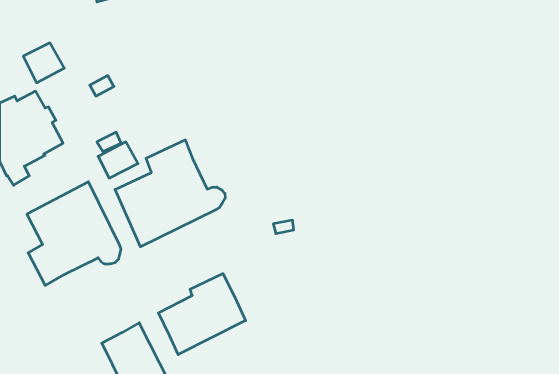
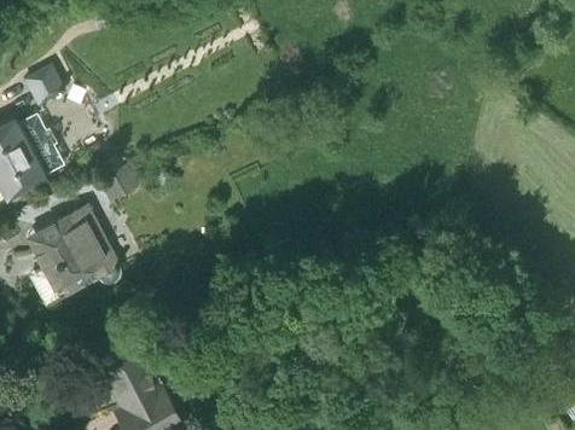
building: [115,140,225,247] -> none
building: [158,274,246,355] -> none

